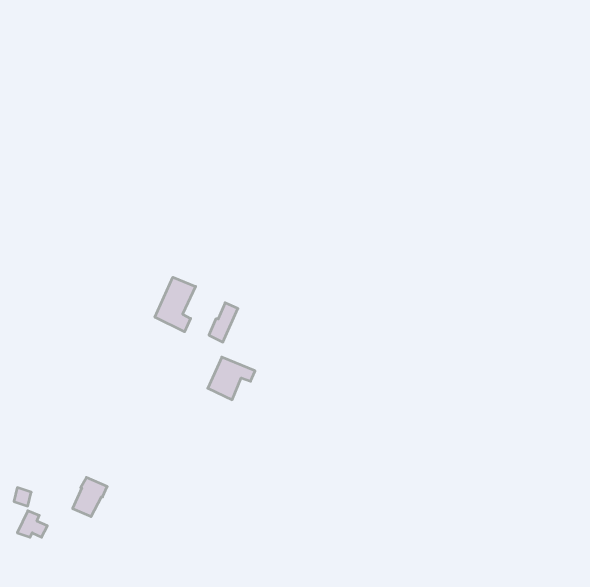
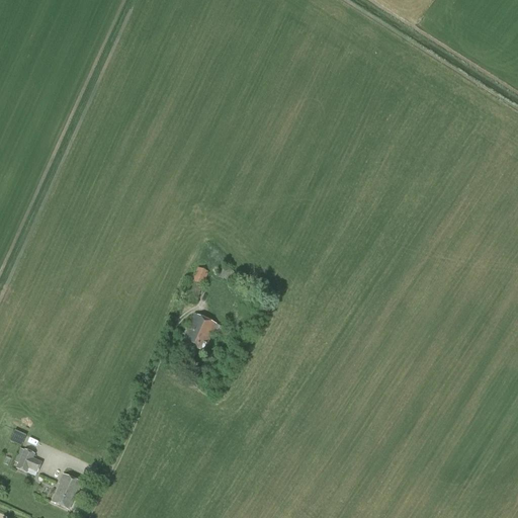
building: [155,277,196,332] -> none
building: [73,477,107,517] -> [52,472,82,507]

